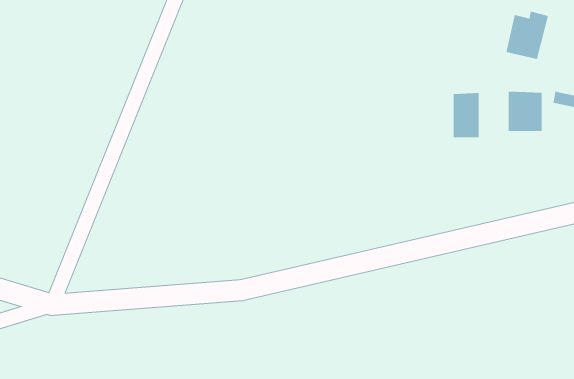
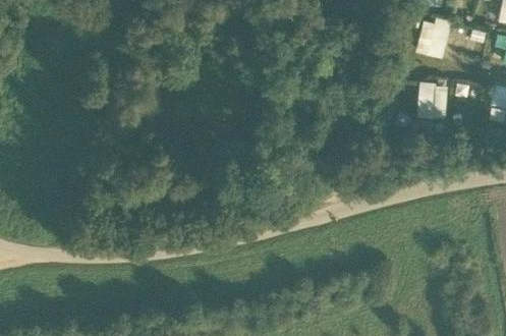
building: [453,92,479,138] -> none

